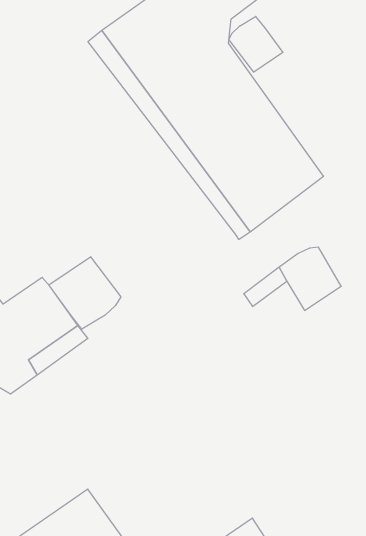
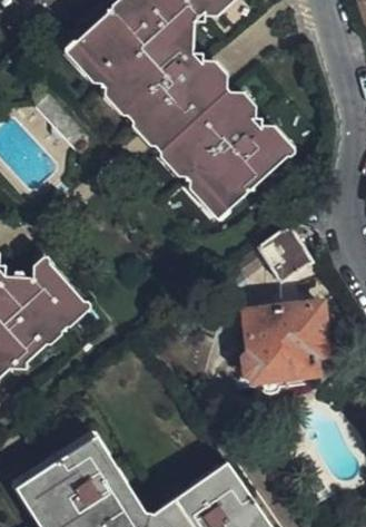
building: [229,16,283,72] -> none
building: [49,257,121,329] -> none
building: none -> [240,302,320,378]

